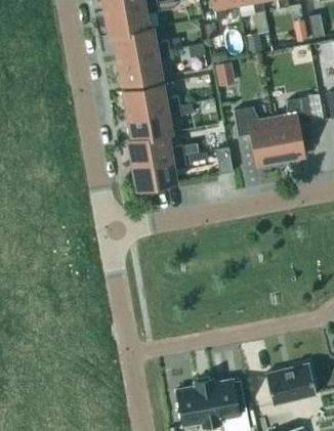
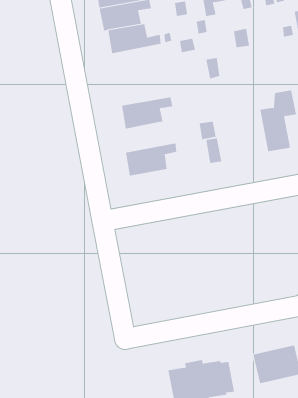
building: [118,49,172,83] -> none
building: [123,82,180,114] -> none
building: [234,107,281,166] -> none
building: [128,131,185,163] -> none

